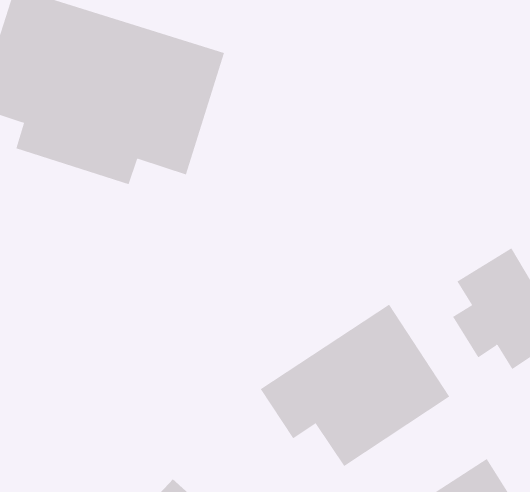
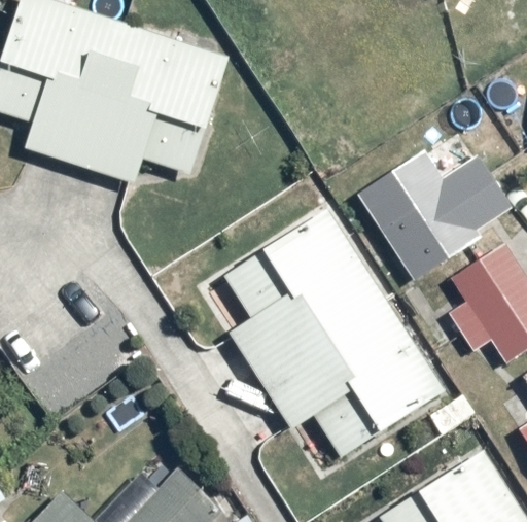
building: none -> [357,150,511,280]
building: none -> [226,210,386,382]

